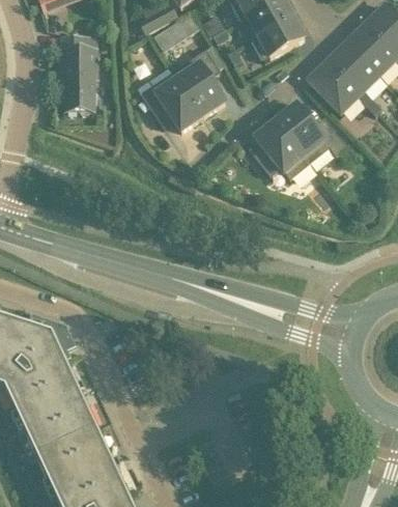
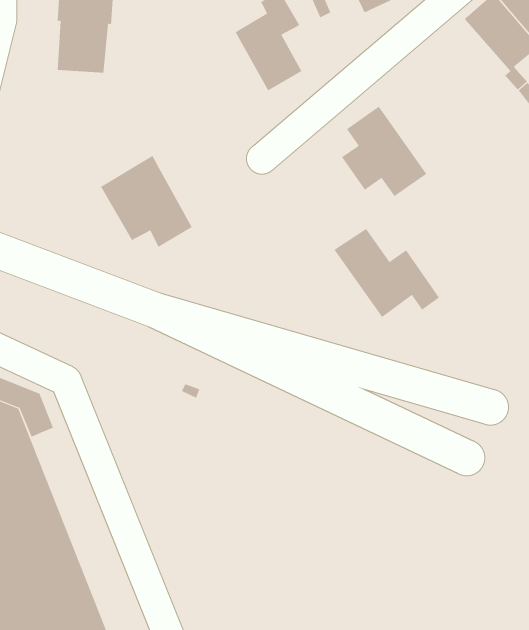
building: [309,59,360,110] -> none
building: [140,68,202,129] -> [100,155,193,247]
building: [276,104,347,162] -> [334,228,440,318]

